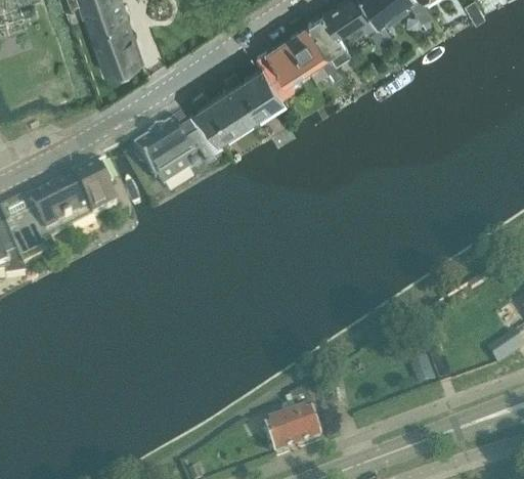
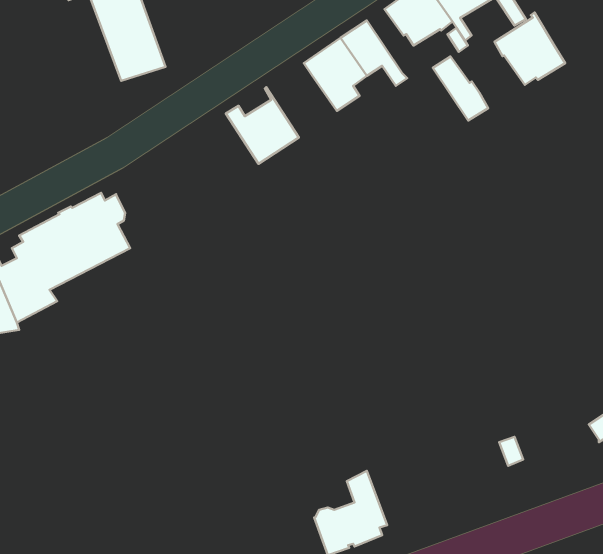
building: [307,14,352,67] -> [433,56,488,121]
building: none -> [494,13,565,85]
building: [225,68,282,119] -> none
building: [133,122,216,188] -> none

